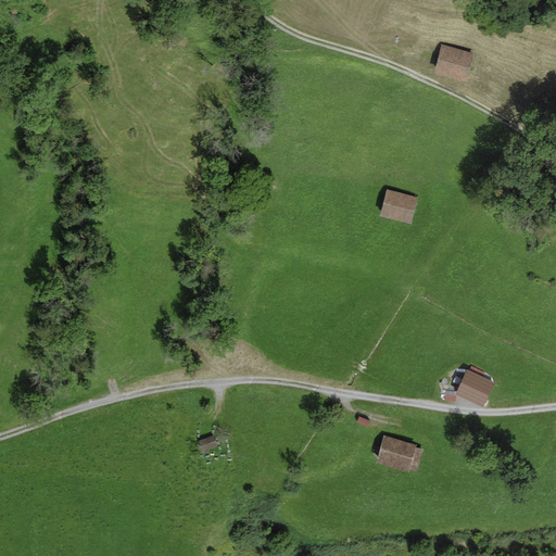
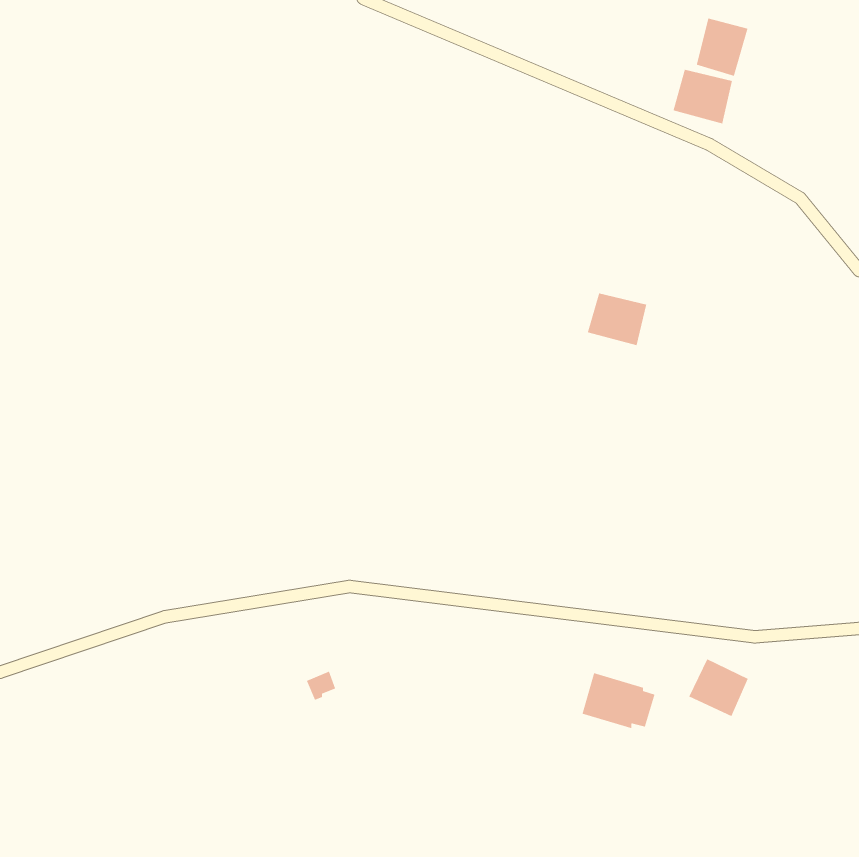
building: none -> [696,17,748,77]
building: [455,369,494,407] -> [688,658,749,717]

